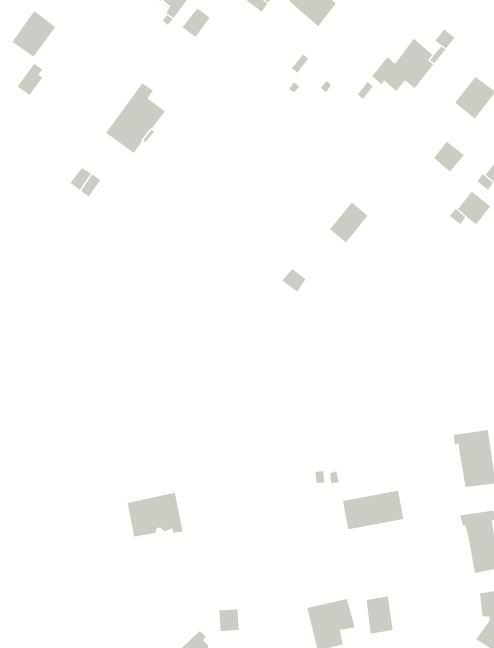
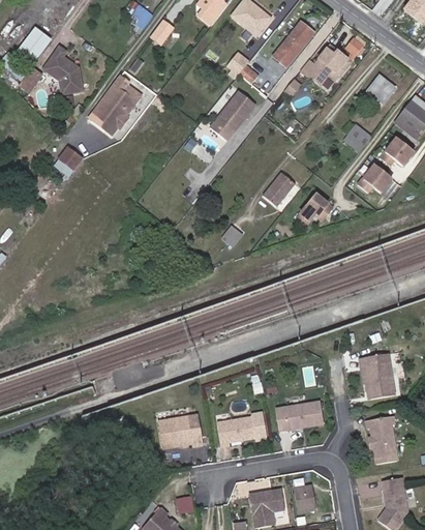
building: none -> [274,23,313,65]
building: none -> [44,46,84,91]
building: none -> [209,90,255,140]
building: none -> [296,195,331,225]
building: [127,492,183,537] -> [157,414,202,449]
building: none -> [216,414,266,446]

